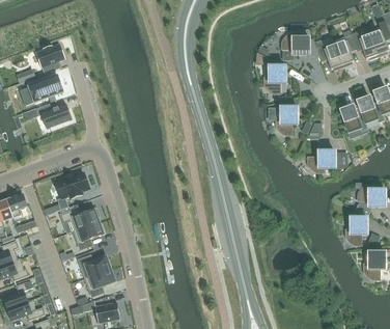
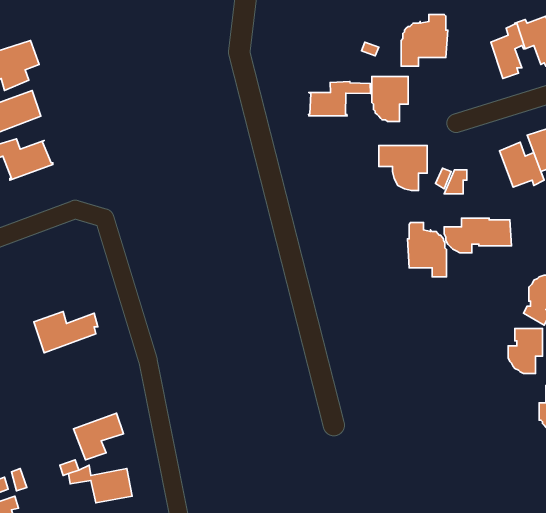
building: [315,40,342,70] -> none
building: none -> [308,82,370,116]
building: none -> [408,223,446,277]
building: [55,172,88,209] -> none
building: [66,220,103,248] -> none
building: [78,254,110,277] -> none

